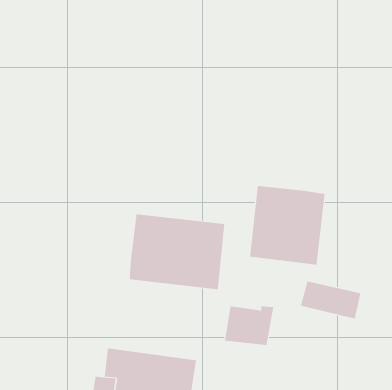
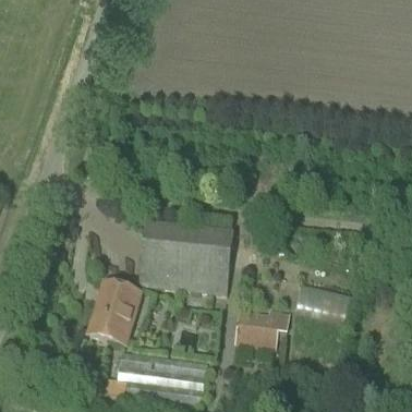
building: [249,185,325,265] -> none
building: none -> [88,281,141,343]

